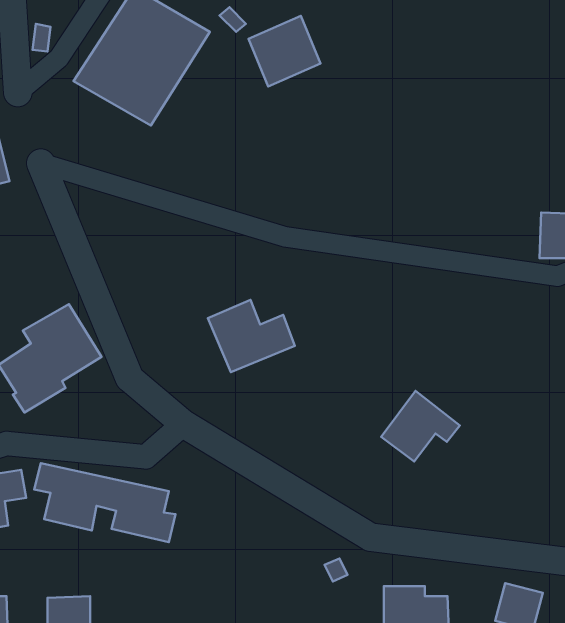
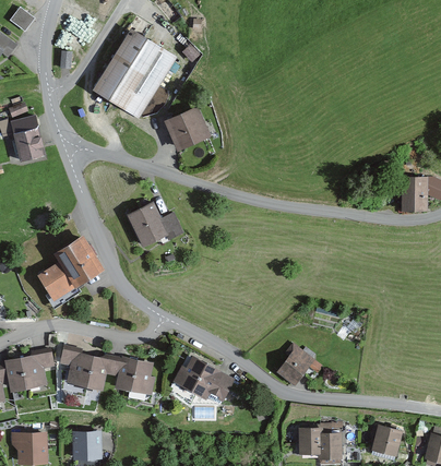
building: [248,16,321,86] -> [164,106,212,153]
building: [208,300,295,372] -> [126,202,183,250]
building: [381,391,460,461] -> [270,342,322,389]
building: none -> [175,355,235,401]

